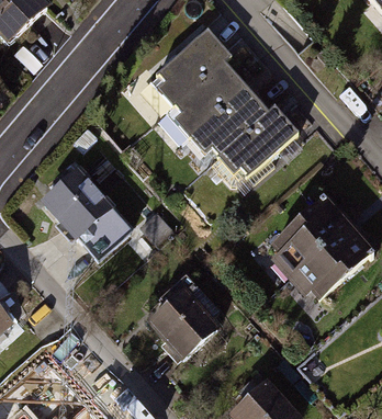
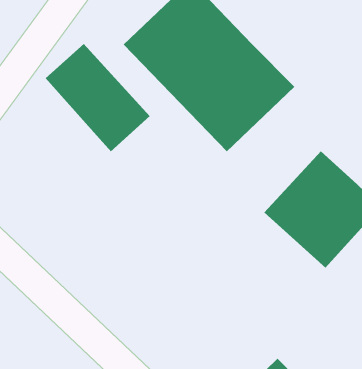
building: [43,169,135,269] -> [45,43,151,152]
building: [146,286,226,369] -> none

